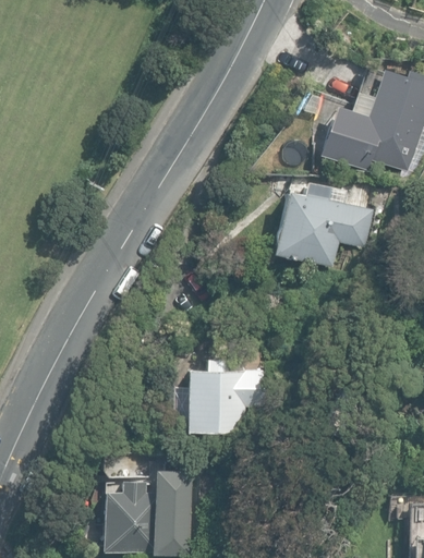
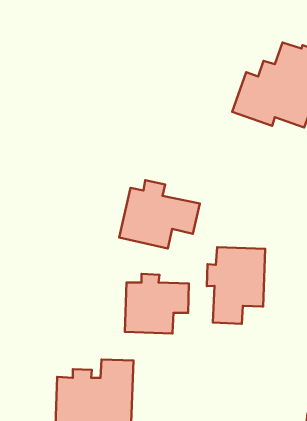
building: [272,182,374,268] -> [119,180,200,249]
building: none -> [207,247,265,324]

